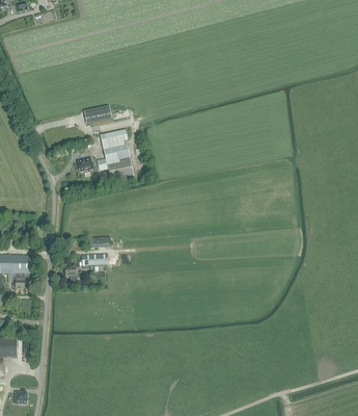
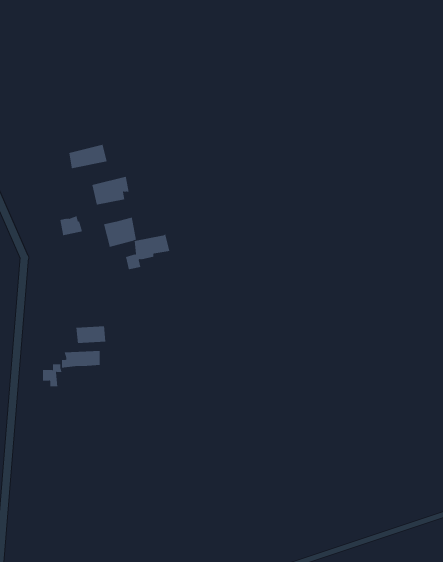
building: [98,145,130,171] -> [125,234,170,270]

